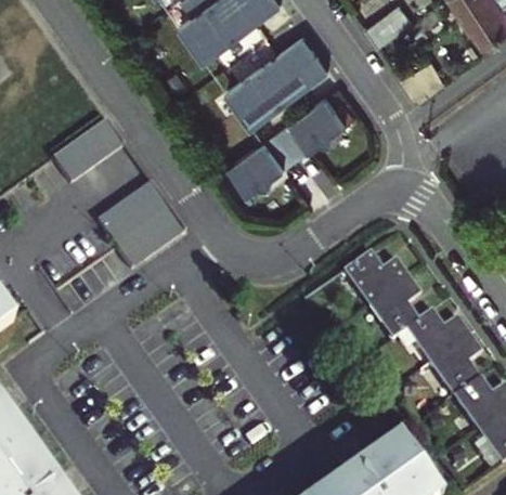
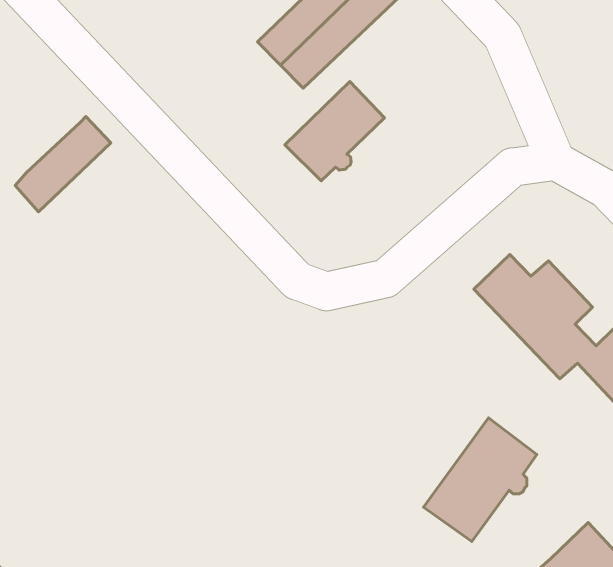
building: [284,90,352,152] -> none
building: [92,181,181,268] -> none
building: none -> [423,418,537,542]

